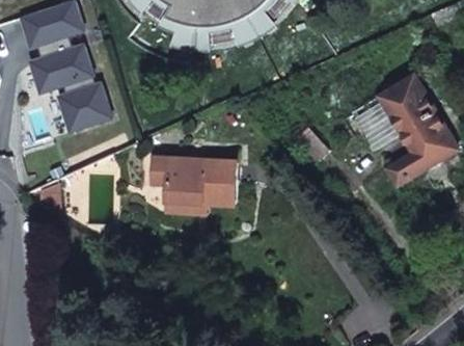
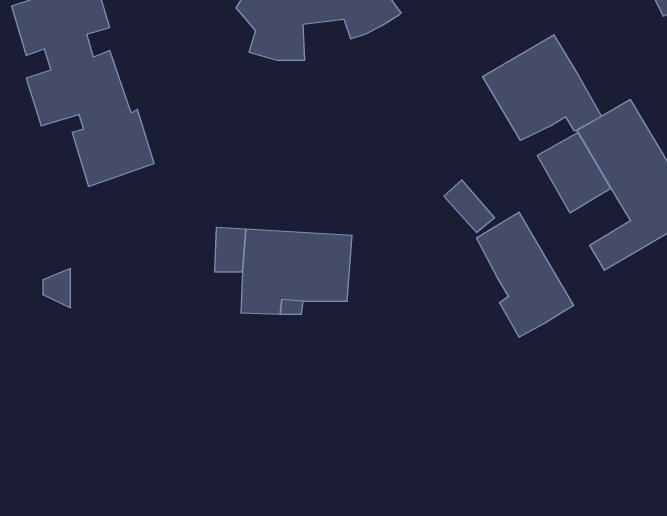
building: none -> [482,35,601,140]
building: none -> [477,212,574,337]

